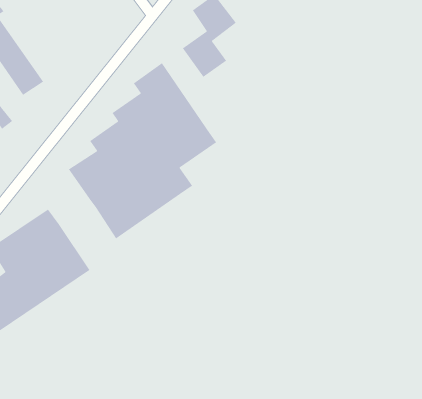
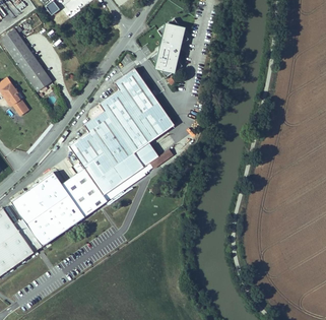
building: none -> [62,163,152,217]

